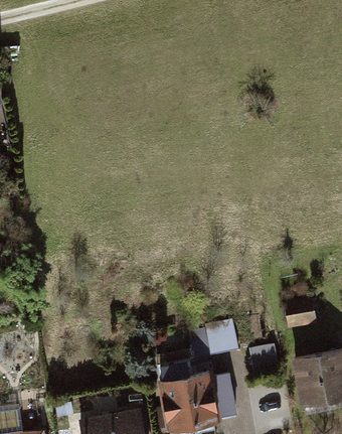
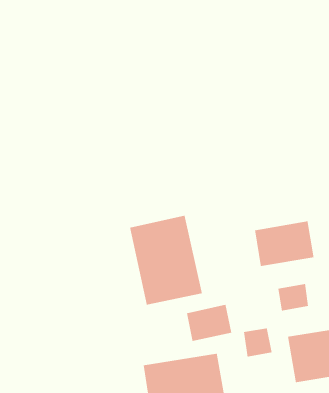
building: none -> [130,215,202,305]
building: none -> [255,220,314,267]

